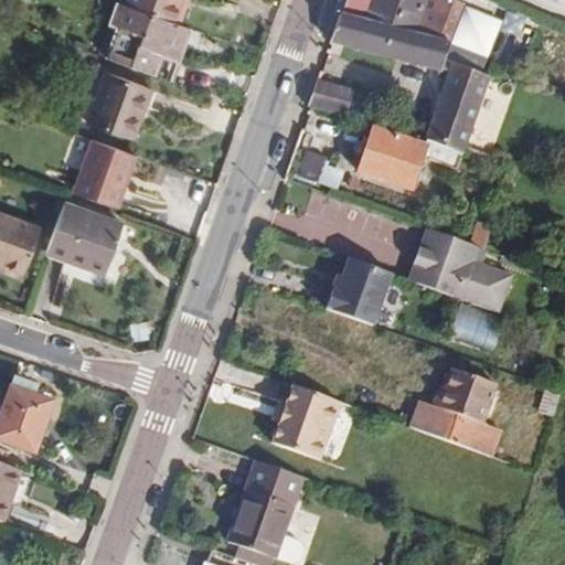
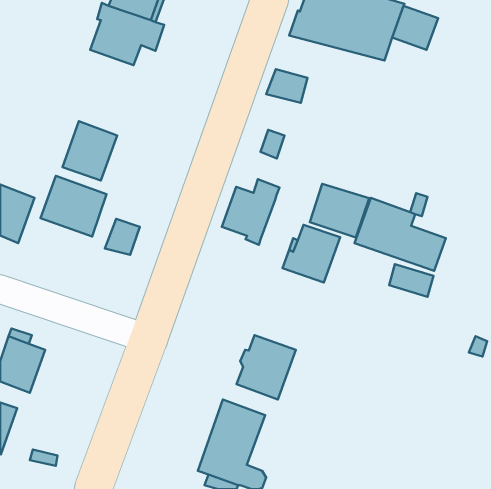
building: [426,62,489,153] -> none
building: [88,71,151,138] -> none
building: [358,128,426,190] -> [310,184,369,238]
building: none -> [222,179,280,245]
building: none -> [105,219,140,255]
building: [408,367,502,458] -> none

